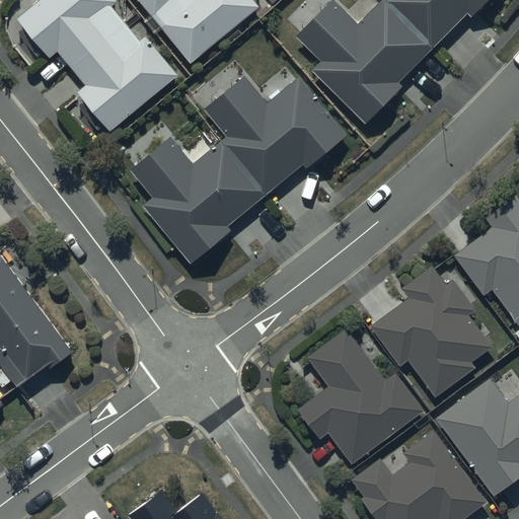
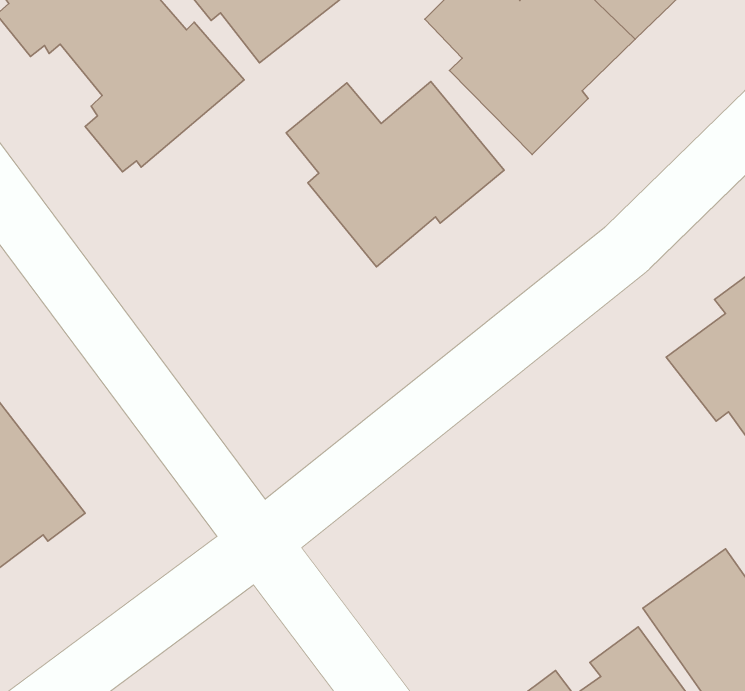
building: [131,137,264,264] -> none
building: [371,264,492,398] -> none
building: [300,326,425,463] -> none

